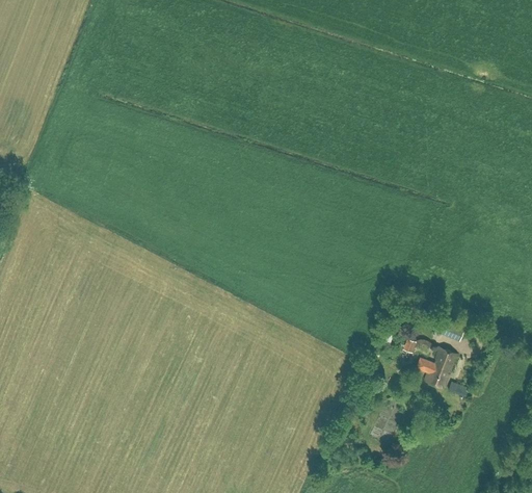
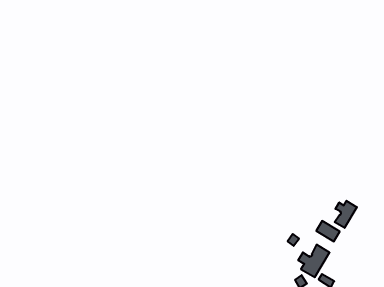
building: none -> [335,201,357,228]

